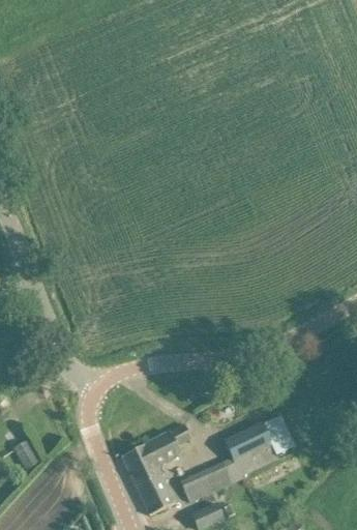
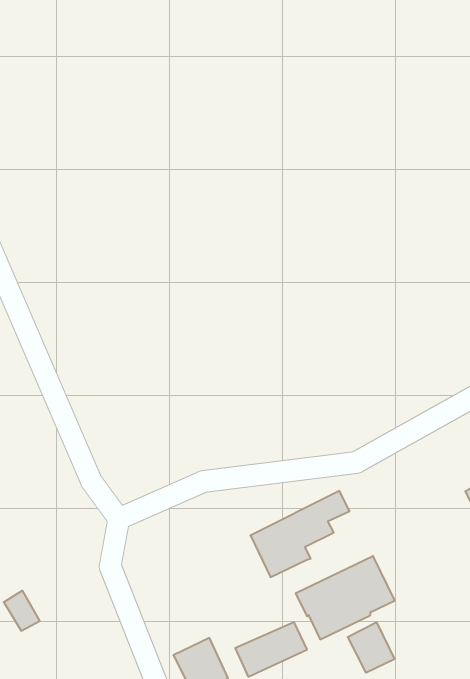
building: [122,423,194,485] -> [250,491,350,577]
building: none -> [348,622,394,673]

